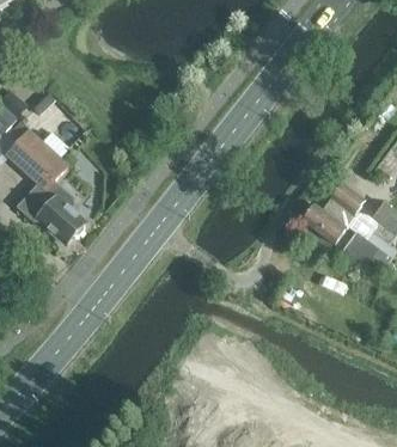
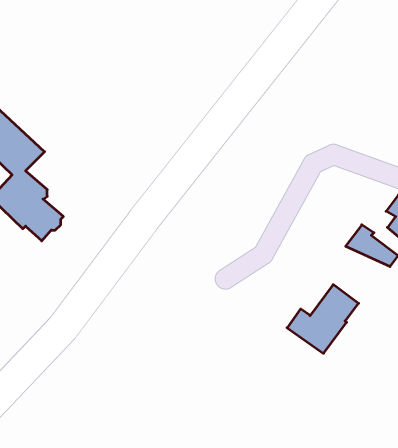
building: [300,183,364,244] -> [287,285,359,353]

